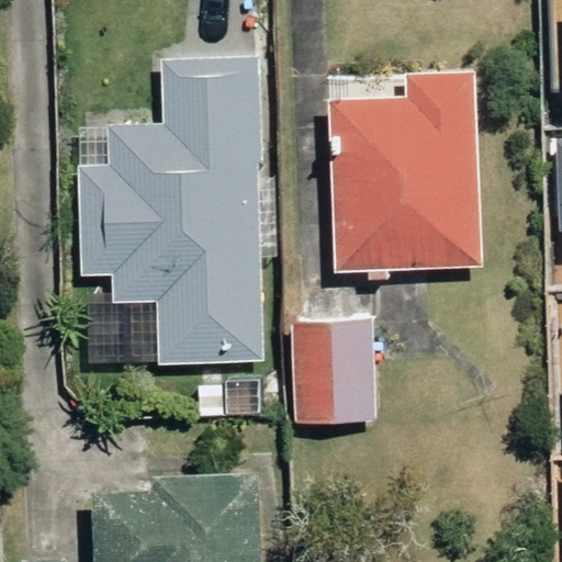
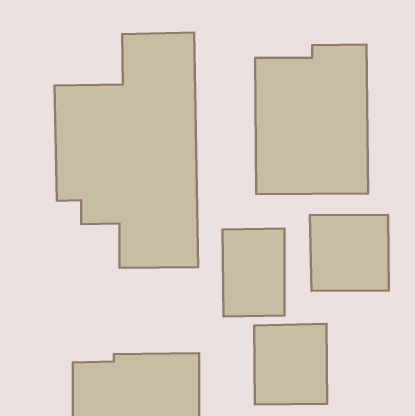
building: none -> [310,215,389,291]
building: none -> [254,324,327,404]

